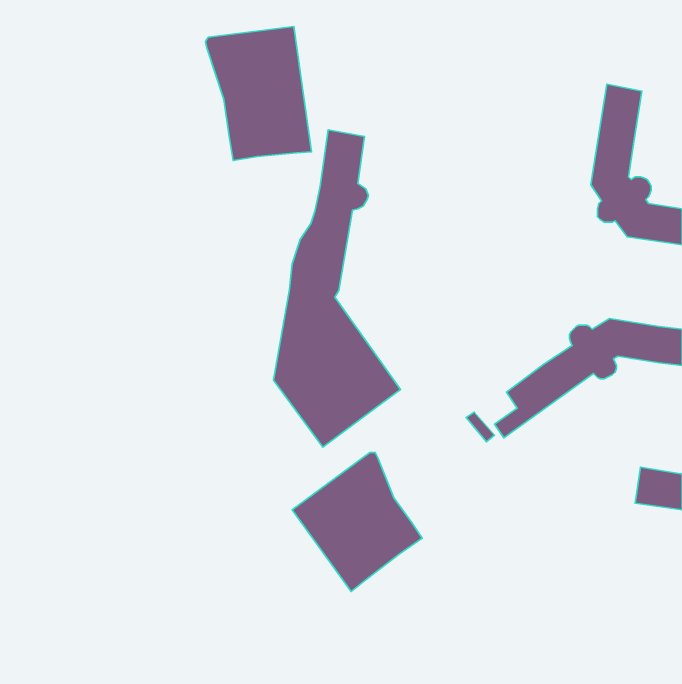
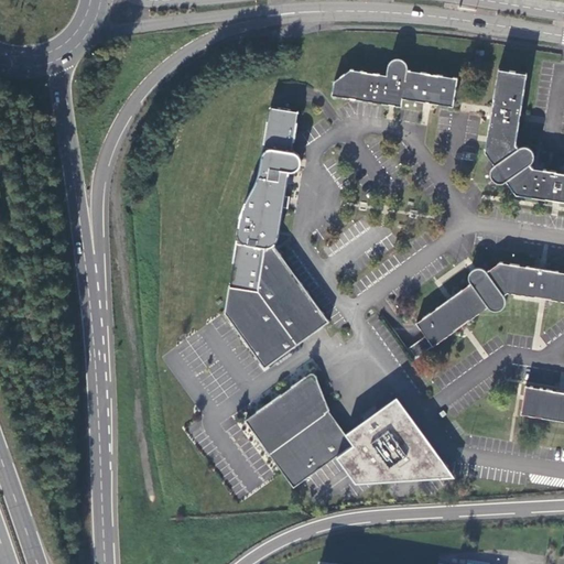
building: [205,27,312,160] -> none
building: none -> [333,57,457,108]
building: none -> [328,393,448,481]

